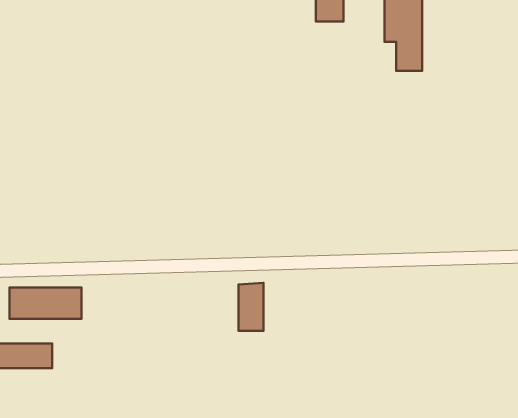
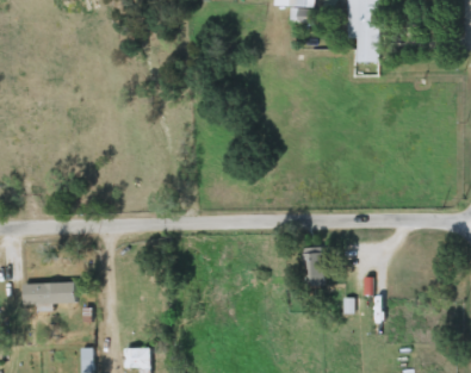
building: [239,283,263,331] -> [303,247,323,286]
building: [10,288,81,319] -> none

